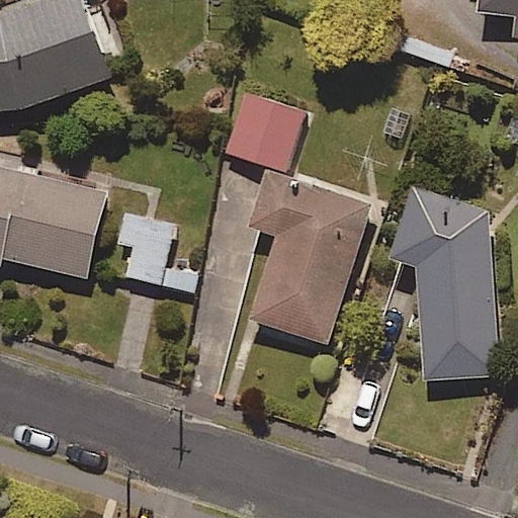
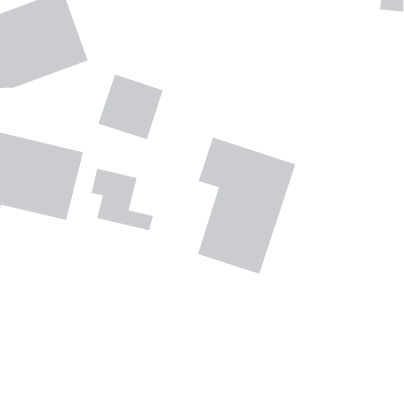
building: [221,89,304,172] -> [98,74,164,140]
building: [391,186,499,382] -> none

